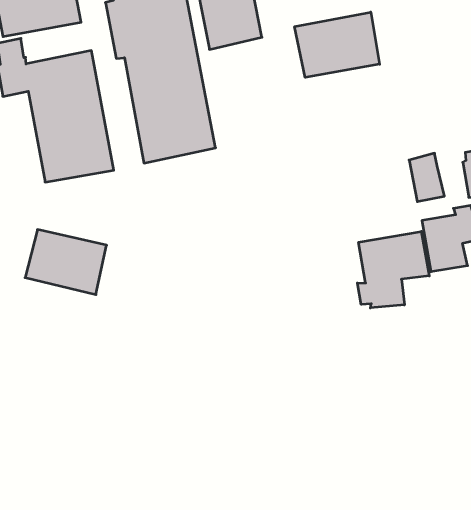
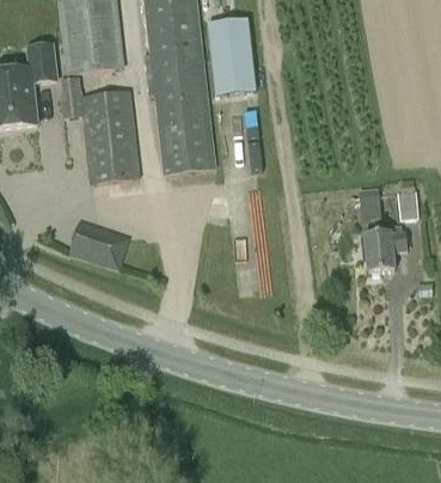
building: [295,12,380,77] -> none
building: [357,231,429,308] -> none

